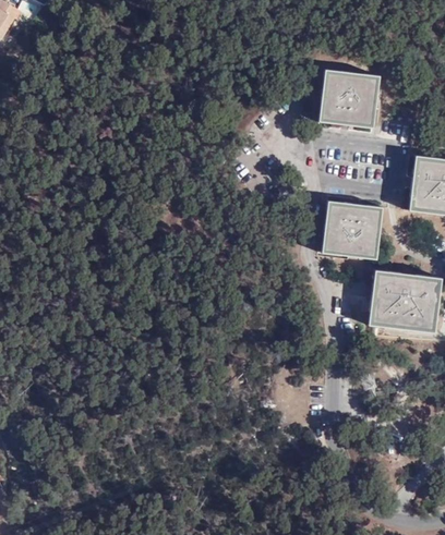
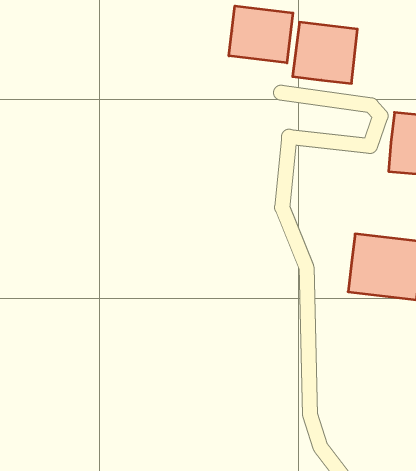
building: none -> [229,6,293,63]
building: [320,202,378,258] -> none

